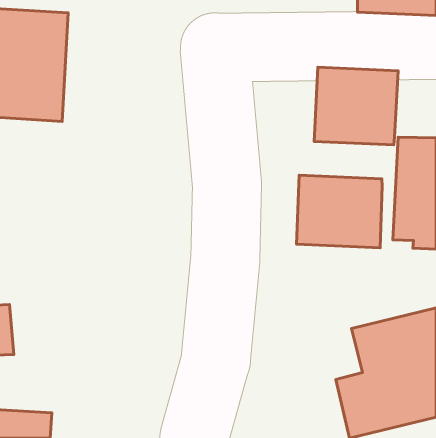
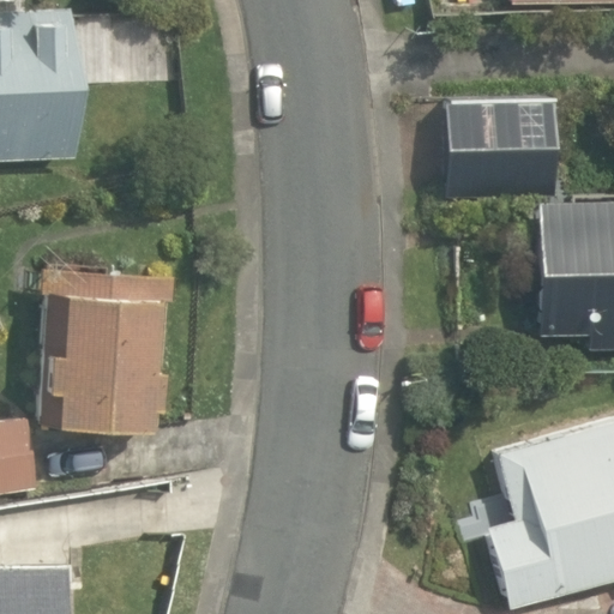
building: [296,175,382,248] -> none
building: none -> [46,253,182,432]

